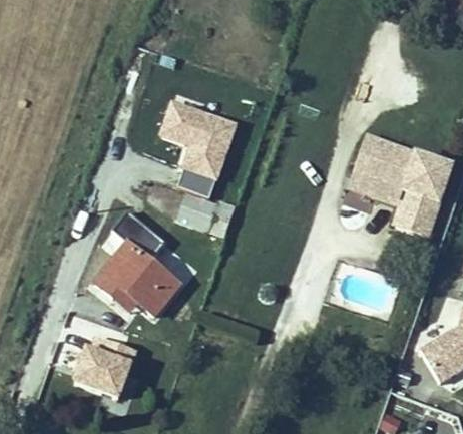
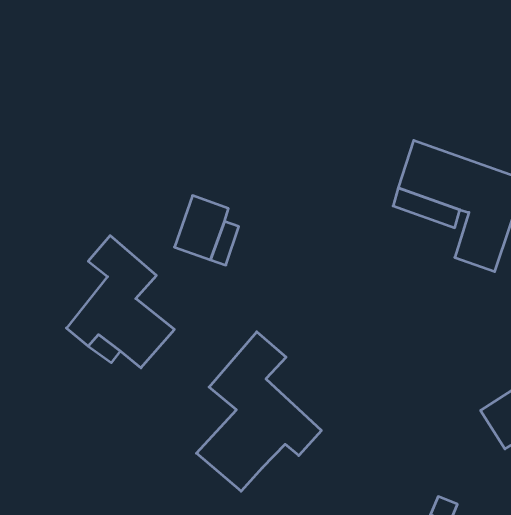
building: [154,97,238,182] -> none
building: none -> [196,332,321,491]
building: [72,333,137,400] -> none

